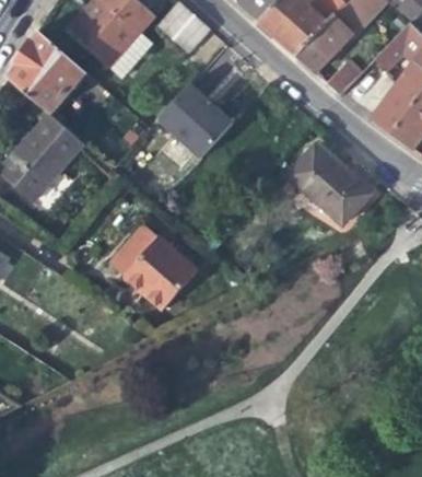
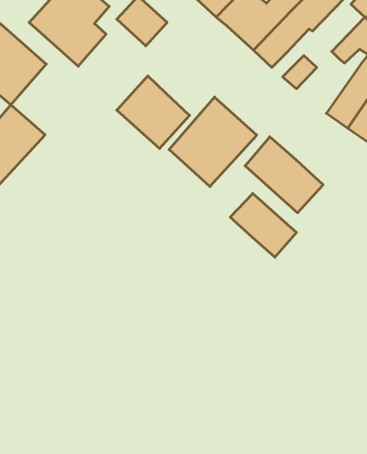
building: none -> [169,97,257,187]
building: none -> [230,193,296,257]
building: [106,222,195,309] -> none

